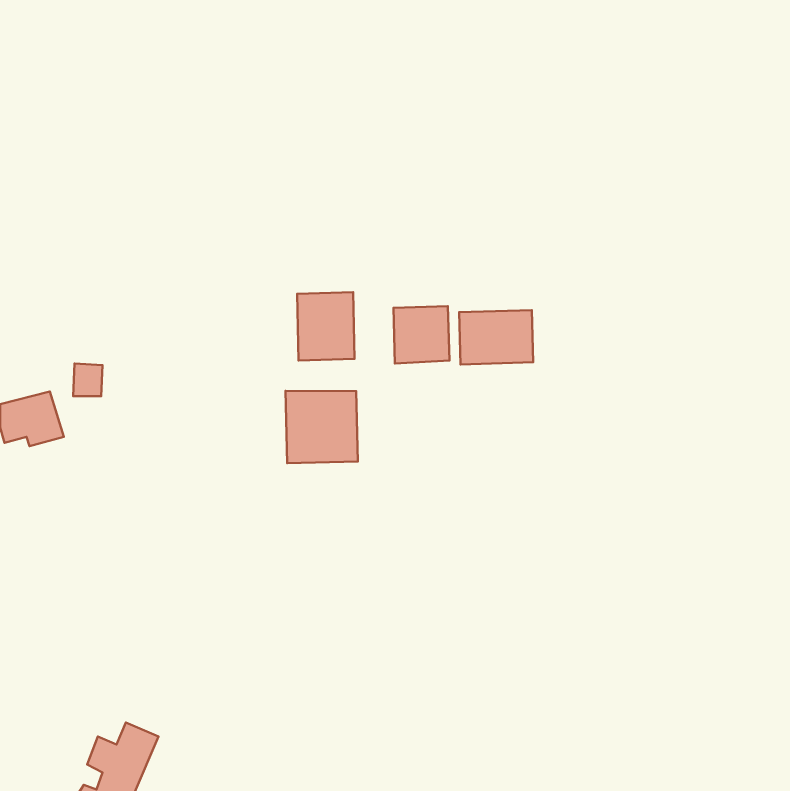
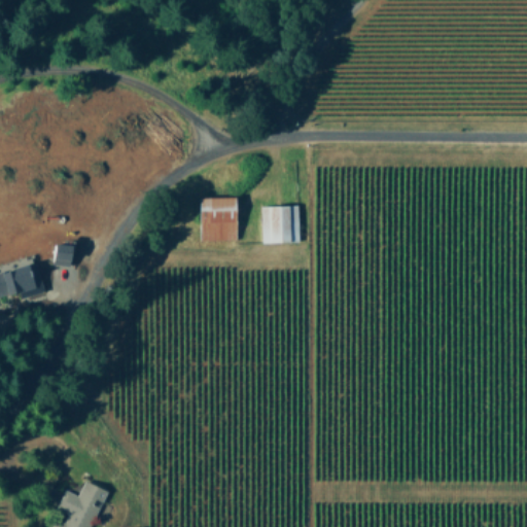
building: [459,310,533,364] -> none
building: [286,391,358,463] -> none

